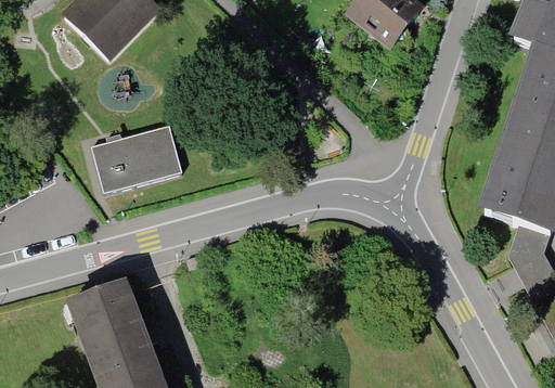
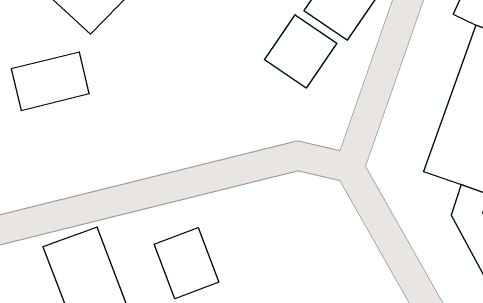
building: none -> [264,15,337,88]
building: [91,129,177,193] -> [11,52,89,110]
building: none -> [154,228,219,299]

